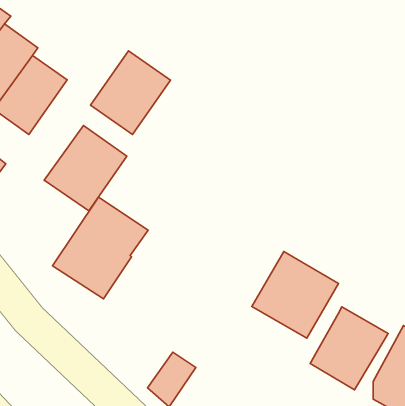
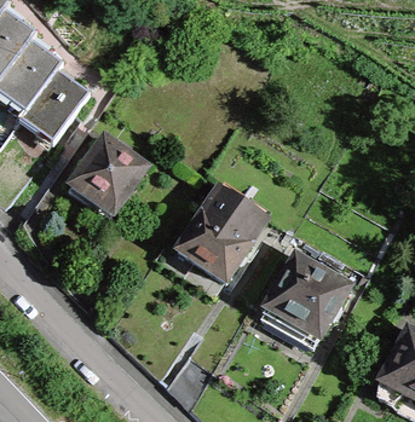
building: [91,51,171,134] -> none
building: [52,197,148,299] -> [178,185,269,282]
building: [310,307,388,390] -> none

